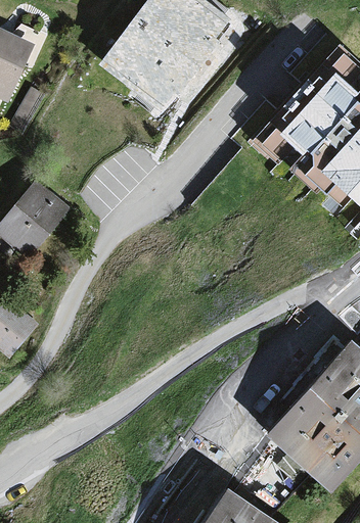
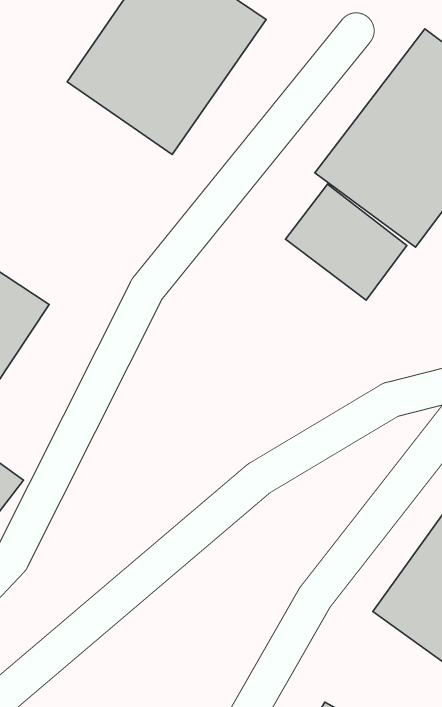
building: none -> [285,184,407,300]

